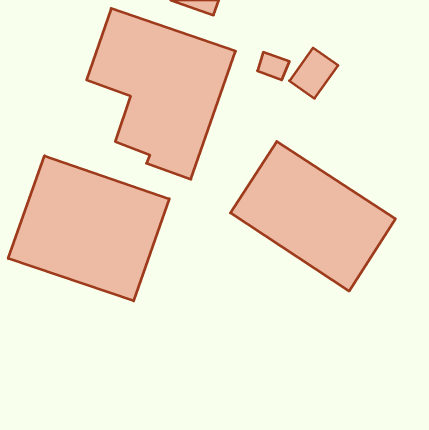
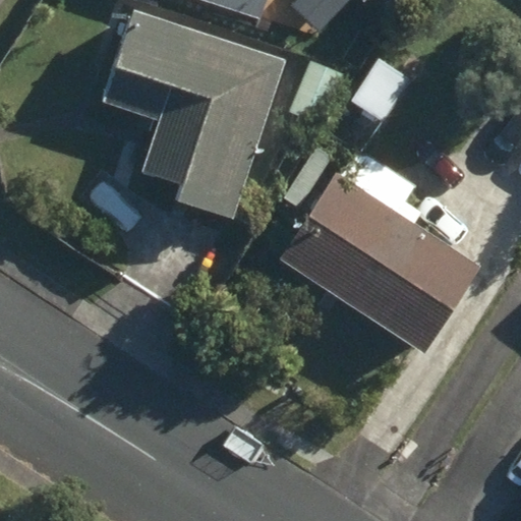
building: [8,156,169,301] -> none

